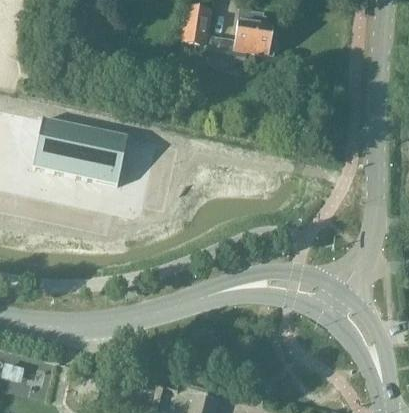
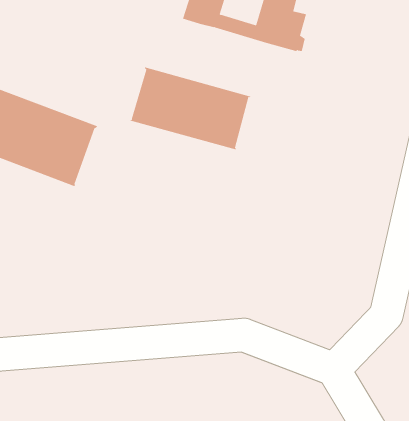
building: none -> [130,67,251,150]

